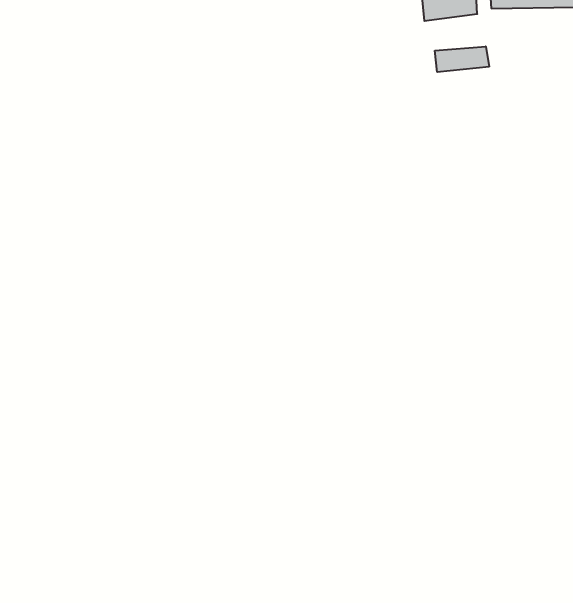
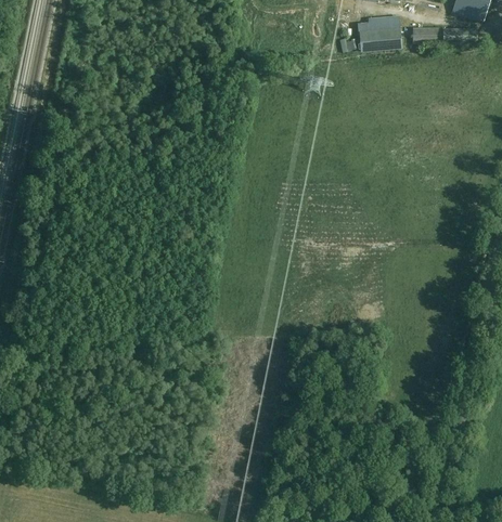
building: [435,46,489,72] -> none

